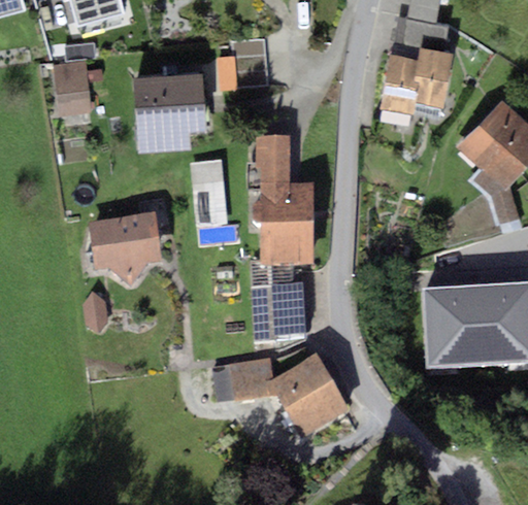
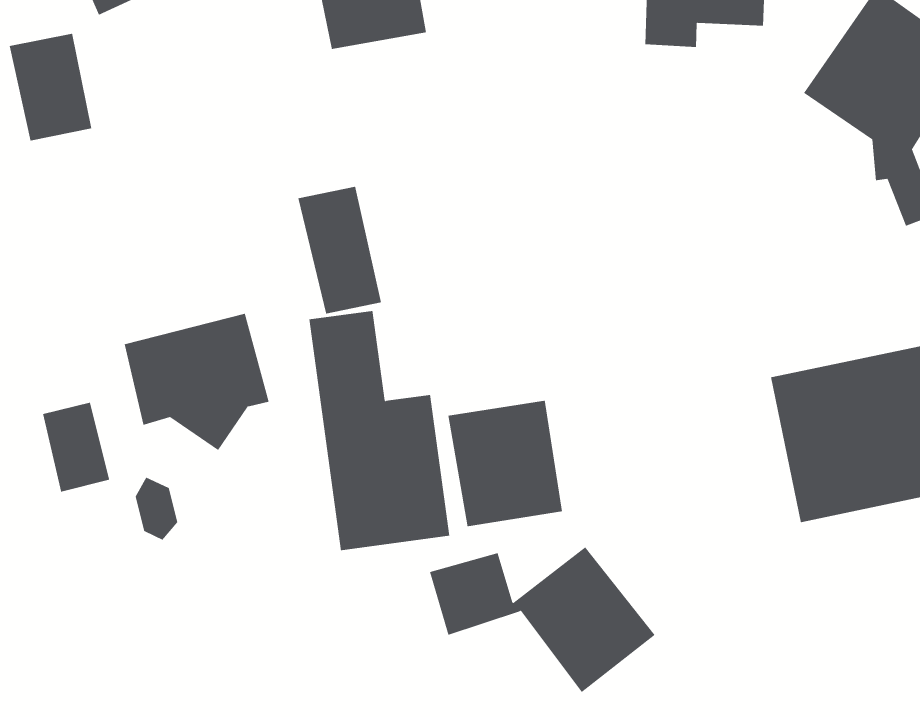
building: [135,70,208,147] -> none
building: [257,143,315,265] -> [308,310,450,551]
building: none -> [43,402,110,492]

